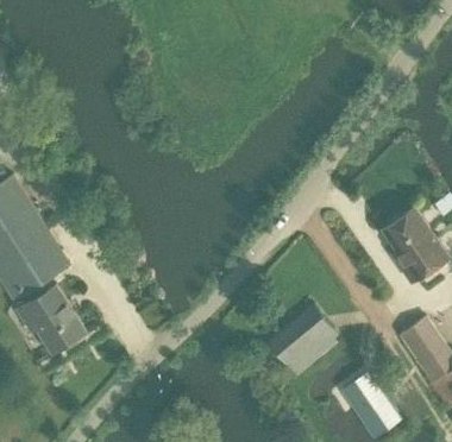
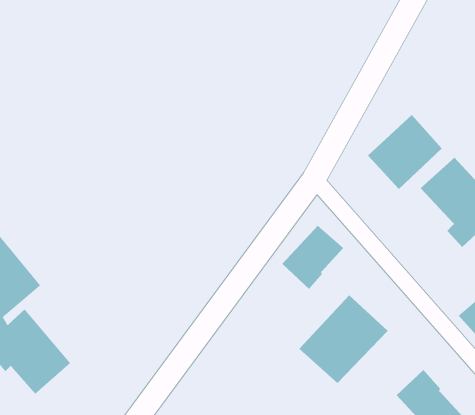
building: none -> [367,114,442,190]
building: none -> [281,225,344,290]

